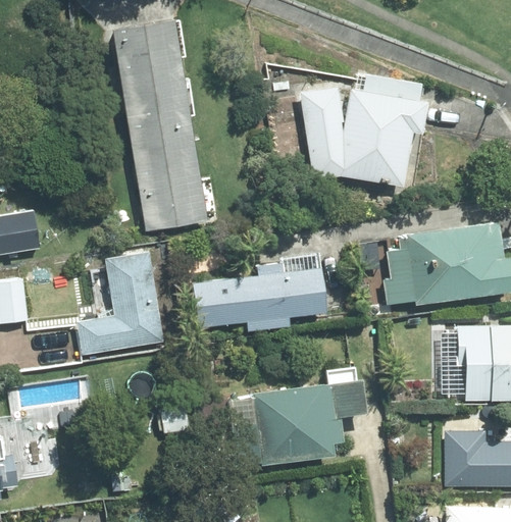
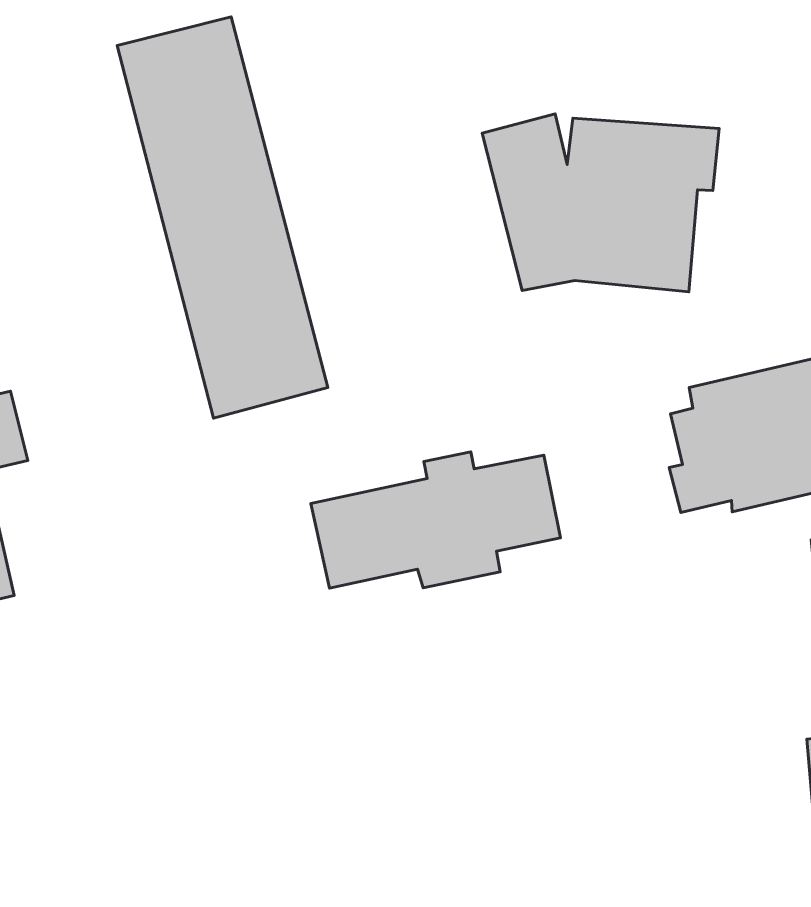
building: [79,252,165,355] -> none
building: [239,379,365,464] -> none

